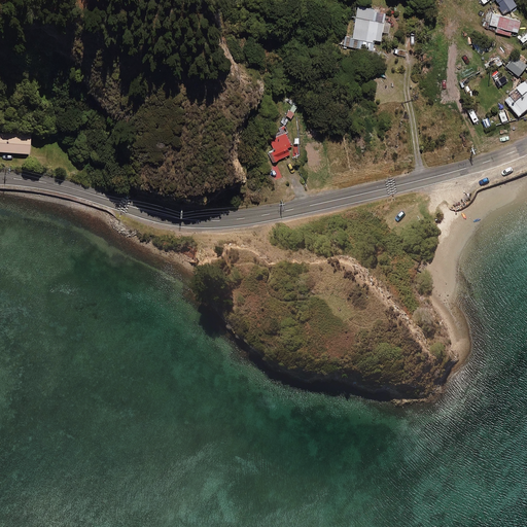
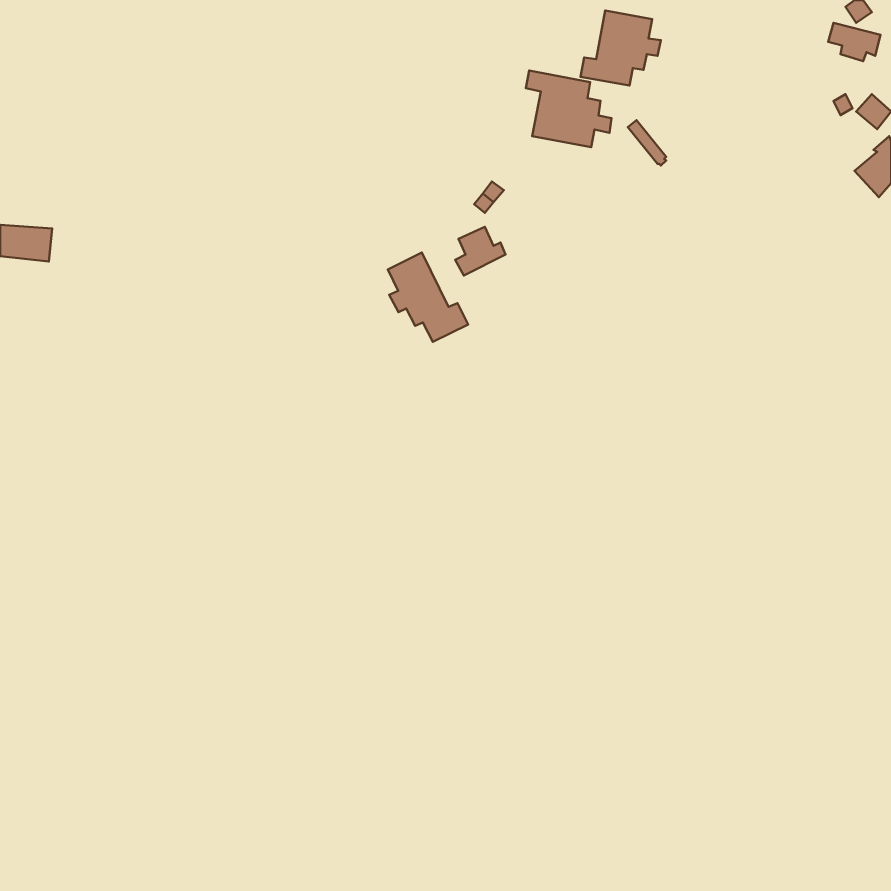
building: none -> [526,70,611,147]
building: none -> [388,253,468,342]

